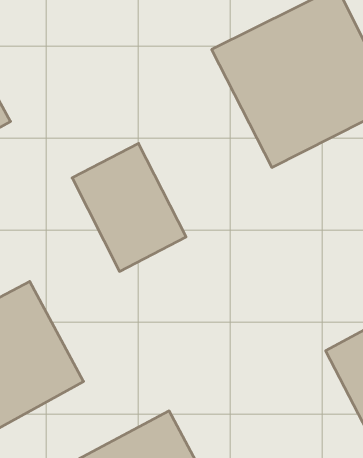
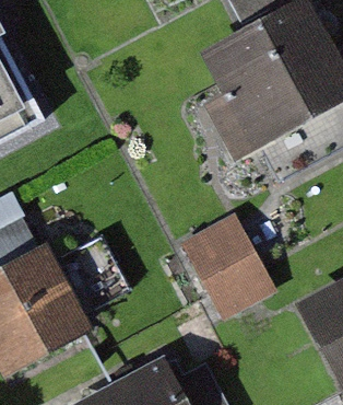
building: [72,143,186,271] -> [174,211,271,321]

